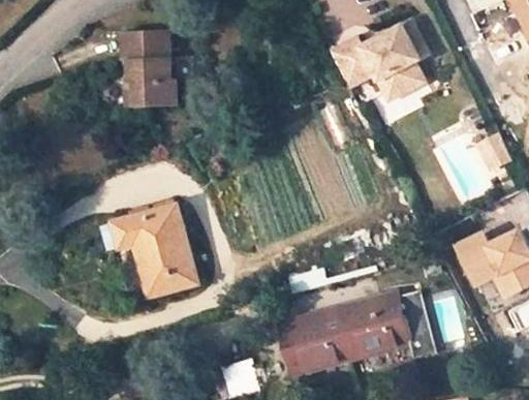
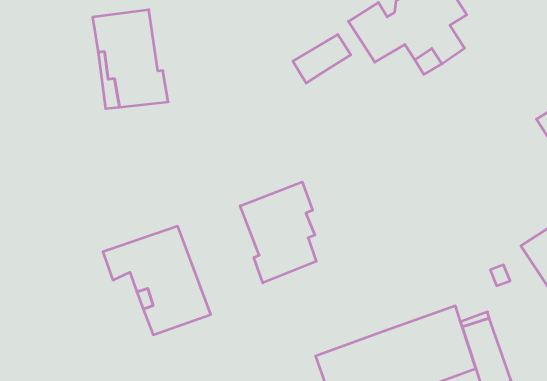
building: none -> [293,34,351,83]
building: none -> [240,182,316,283]

